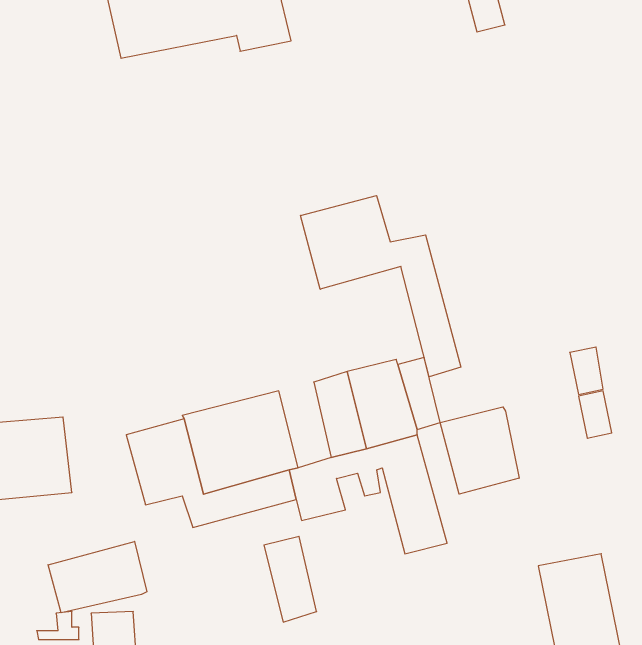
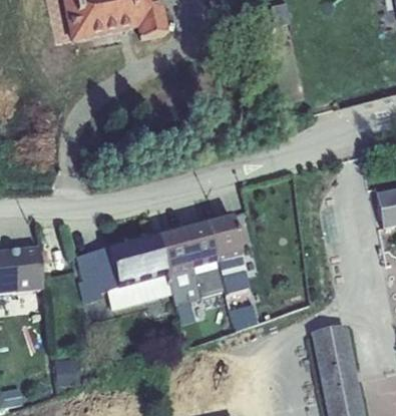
building: [301,196,461,377] -> none
building: [440,407,519,494] -> none
building: [264,536,317,622] -> [162,227,192,276]
building: [48,541,147,613] -> none

